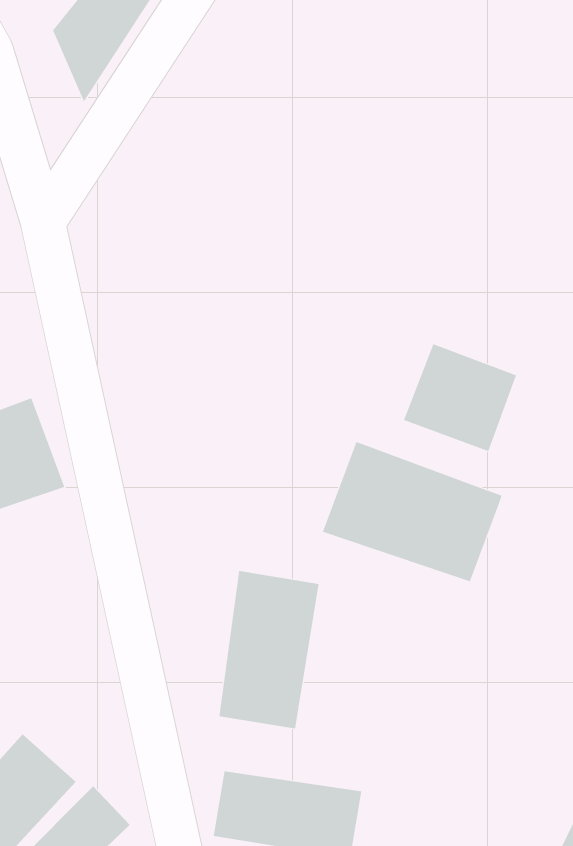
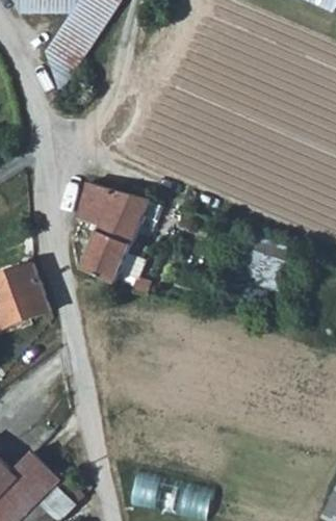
building: none -> [75,183,190,286]
building: [322,441,502,582] -> none
building: [219,570,319,729] -> none

